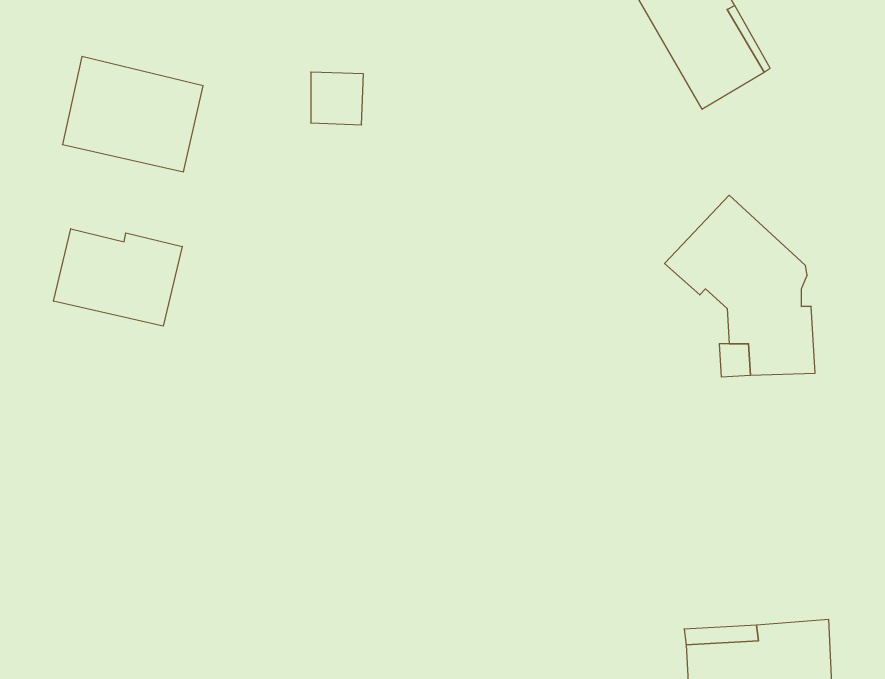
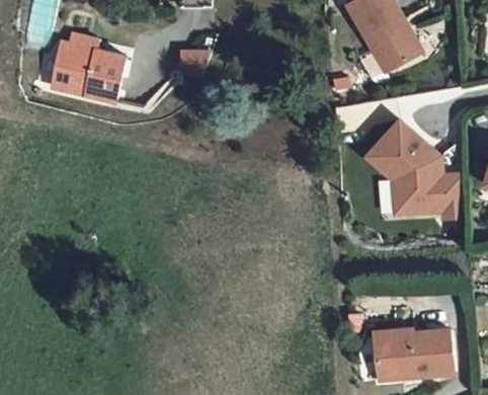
building: [54,229,182,326] -> none

